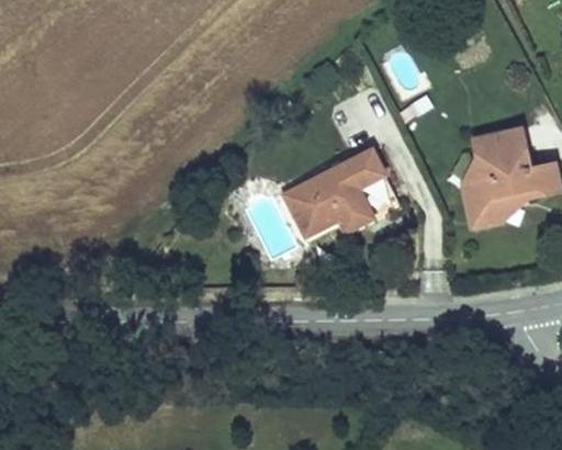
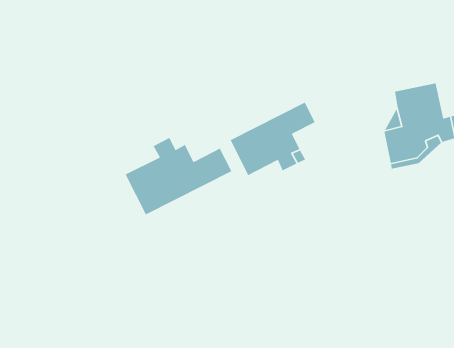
building: none -> [124,137,232,215]

